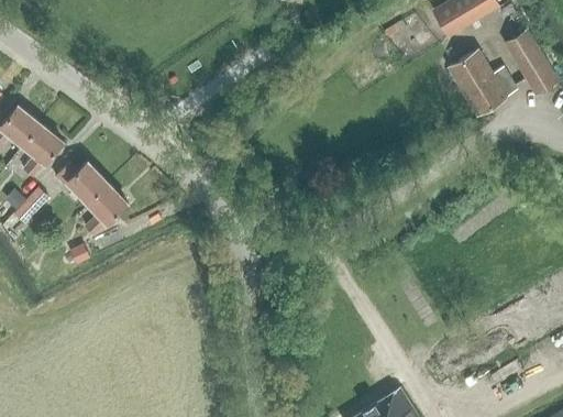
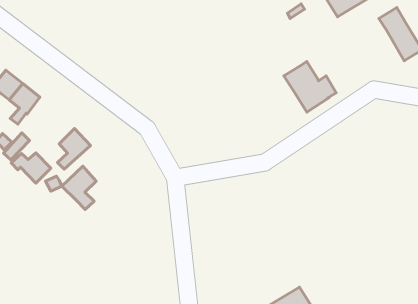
building: [448,50,516,116] -> [284,61,336,112]
building: [55,163,107,202] -> [11,153,51,183]
building: none -> [62,166,96,209]

